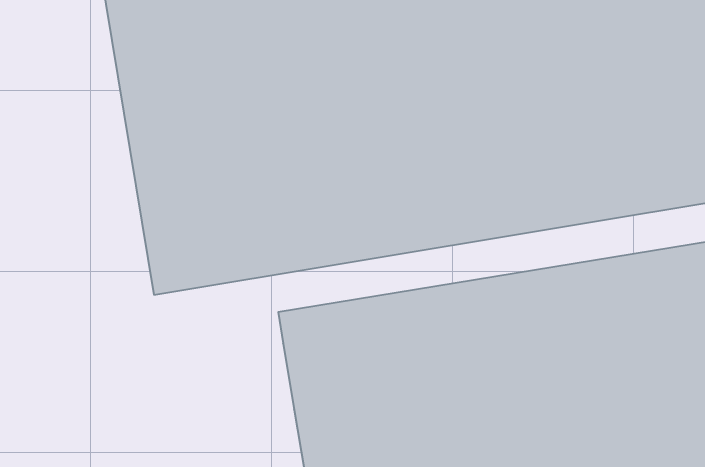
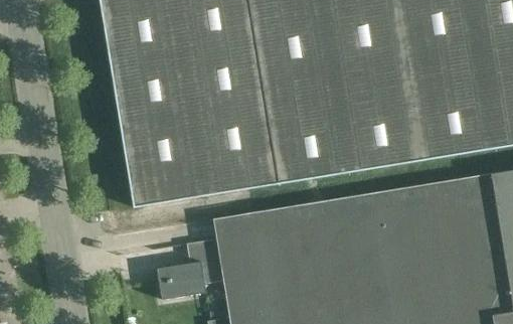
building: none -> [157,238,223,299]

